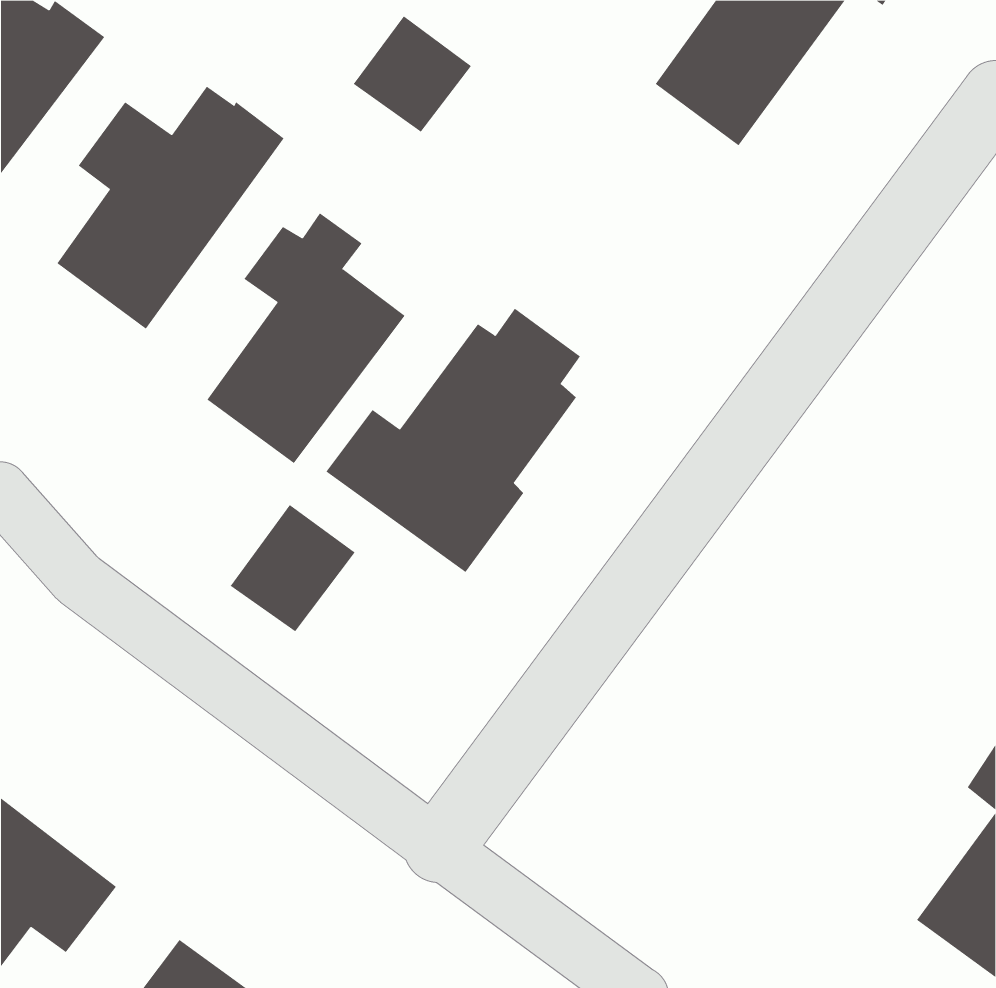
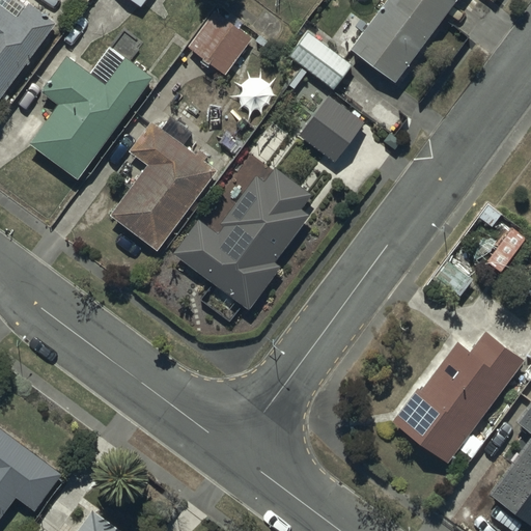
building: none -> [286,31,351,91]
building: none -> [297,95,363,163]
building: [230,504,355,632] -> none
building: none -> [391,333,522,463]

